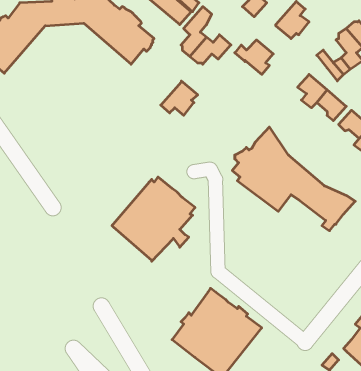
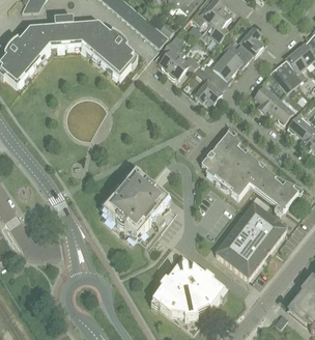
building: none -> [221,40,249,70]
building: [161,81,198,115] -> [195,76,225,104]
building: none -> [216,203,286,279]

